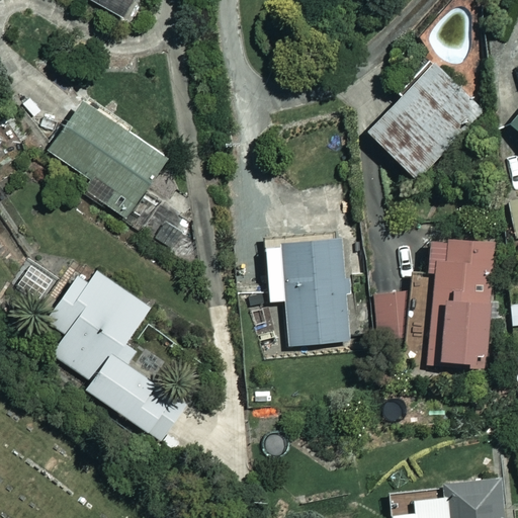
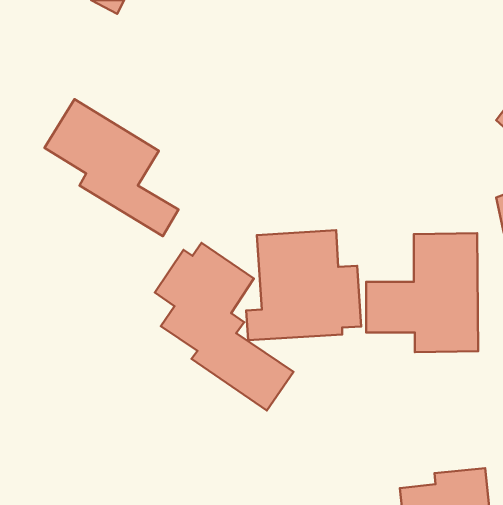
building: [366,64,485,181] -> none
building: [48,270,189,441] -> [155,243,294,410]

